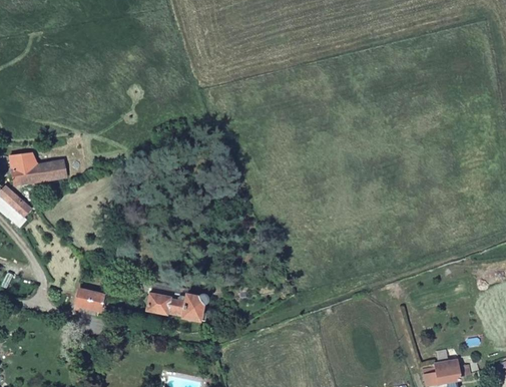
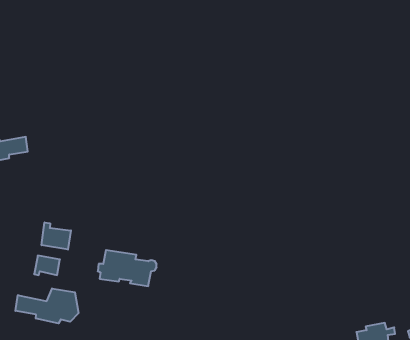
building: none -> [42,222,71,250]
building: none -> [15,288,79,323]

